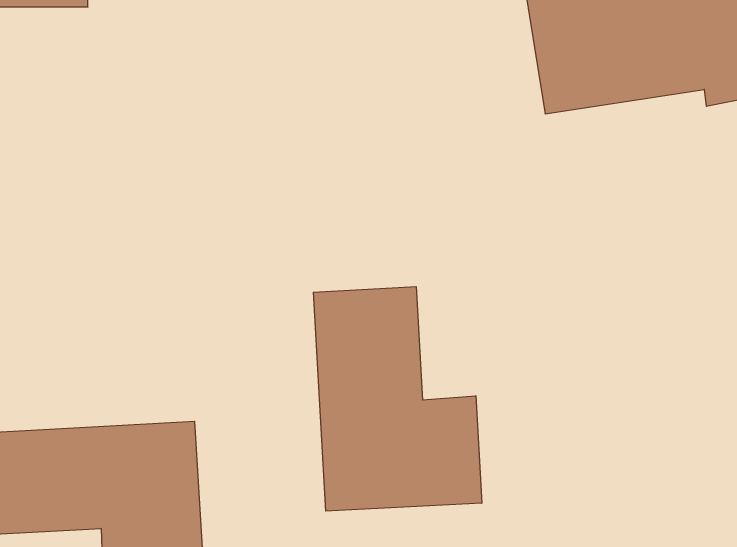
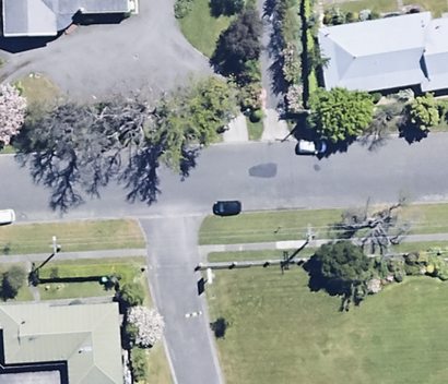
building: [313,287,482,511] -> none

